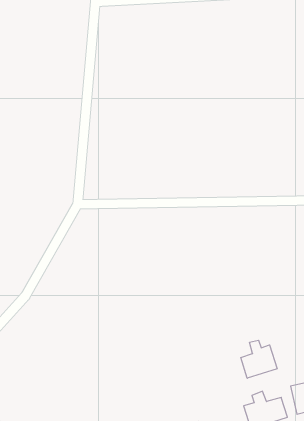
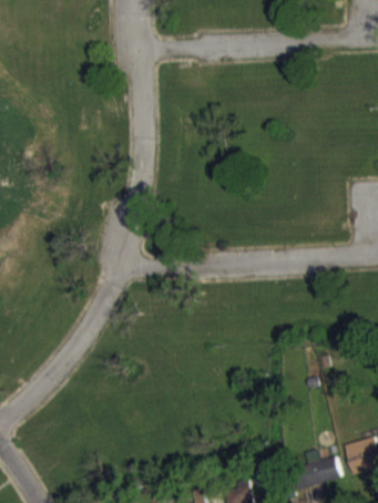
building: [241,340,277,378] -> none

